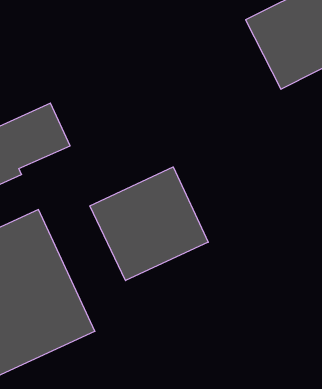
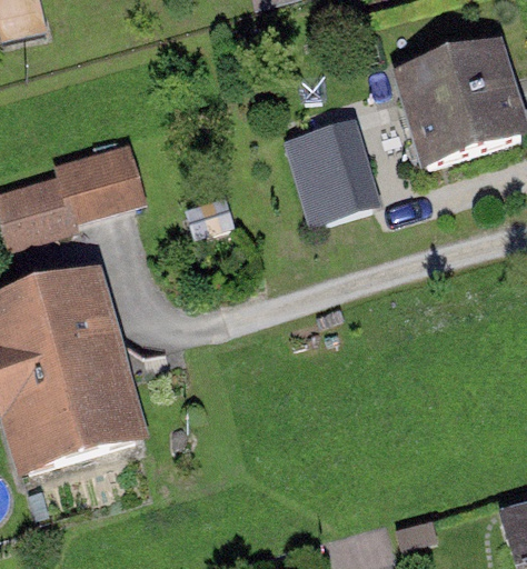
building: none -> [286,110,386,218]
building: [90,167,208,281] -> none

